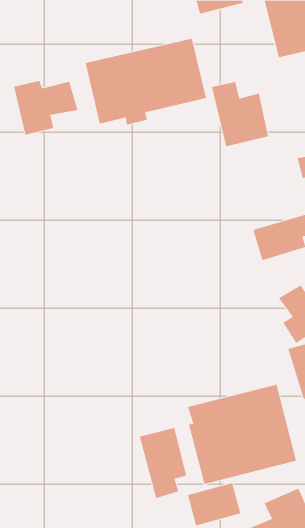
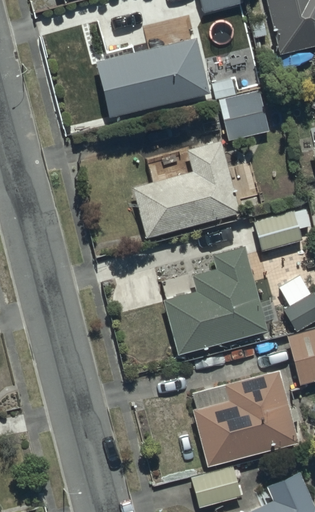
building: [13,80,78,135] -> none
building: none -> [131,141,240,239]
building: none -> [162,247,275,355]
building: [139,427,187,499] -> none

